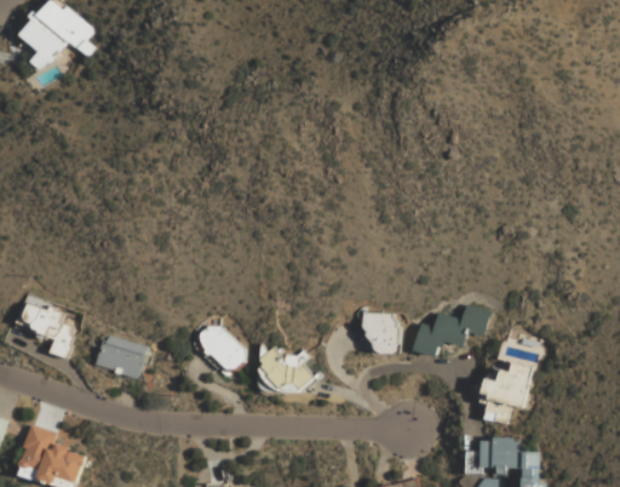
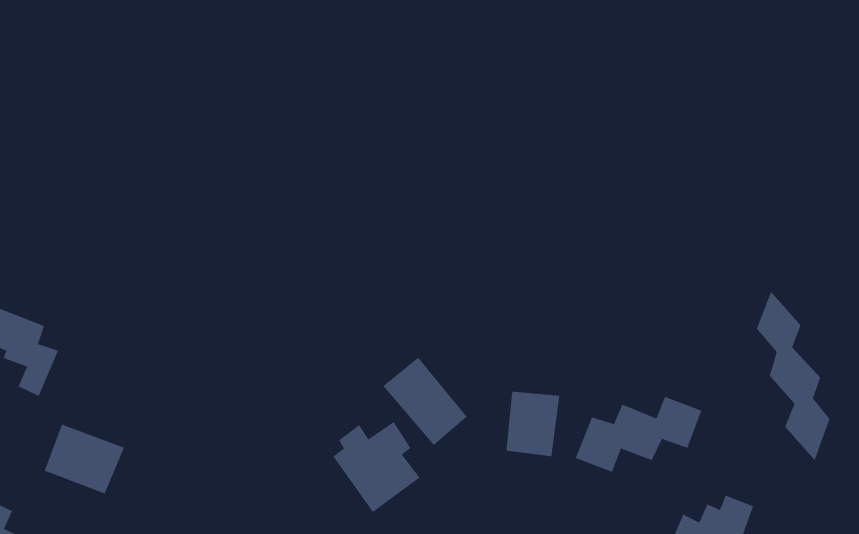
building: none -> [756,291,830,461]
building: [191,320,248,376] -> [383,357,468,446]
building: [97,336,147,377] -> [44,424,125,494]

